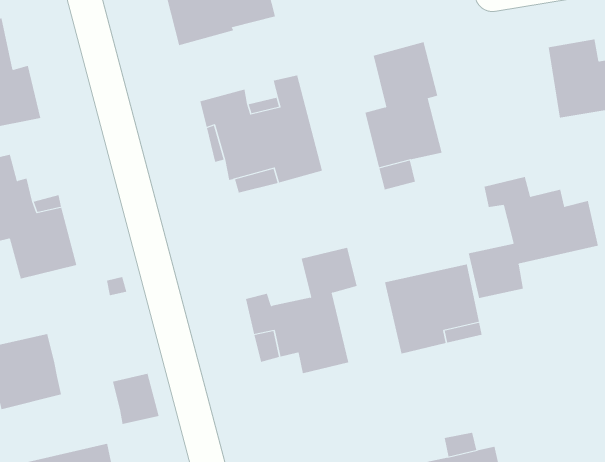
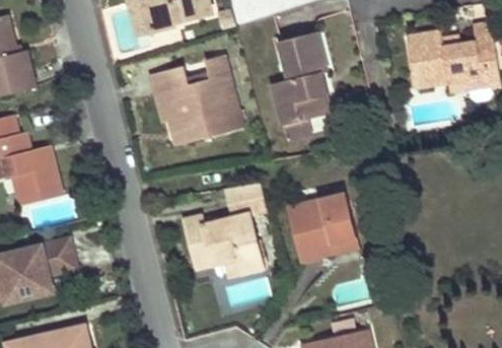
building: [468,176,599,299] -> none
building: [112,373,159,425] -> [42,238,76,276]

